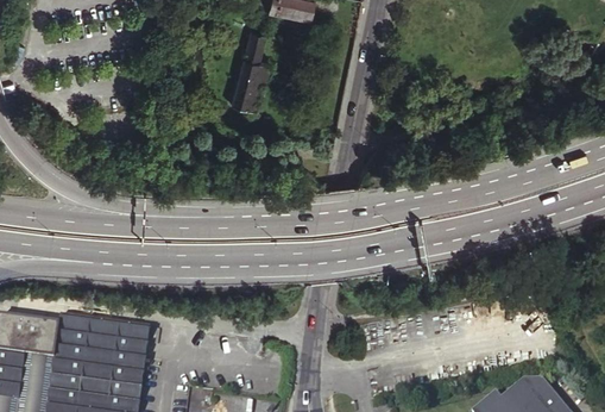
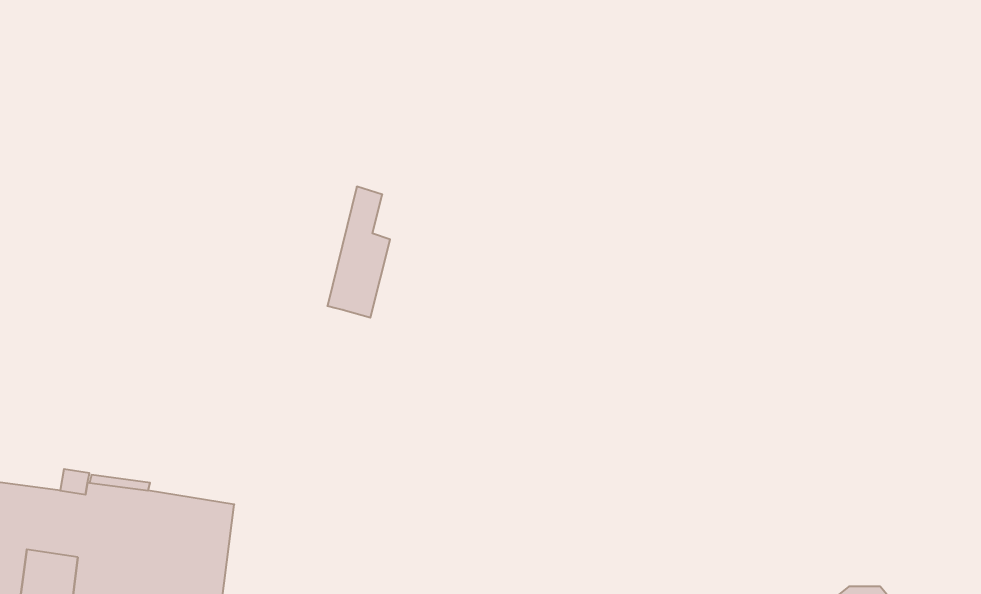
building: [232,27,270,107] -> [327,187,390,318]

